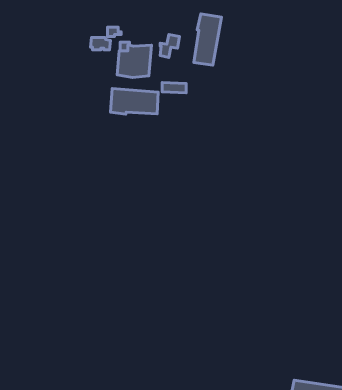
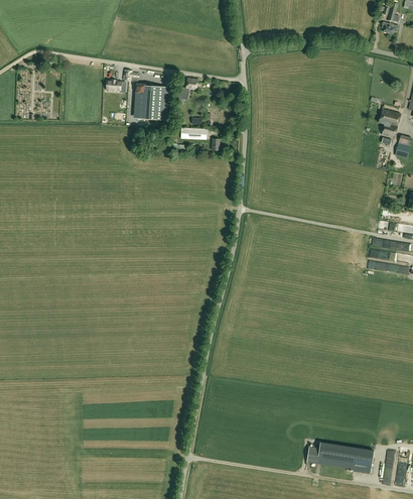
building: [194,14,221,65] -> none
building: [111,88,158,114] -> none

